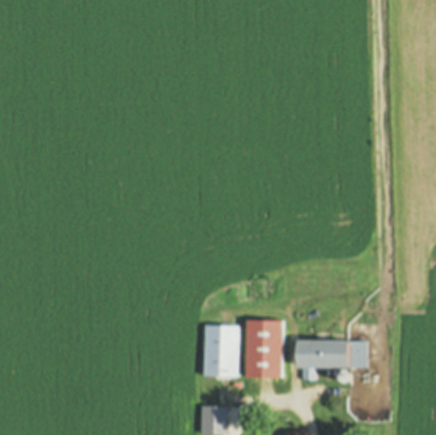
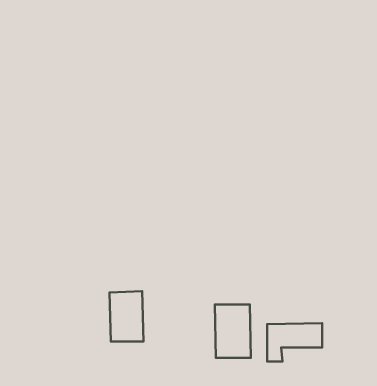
building: [202,325,237,377] -> [110,291,143,341]

